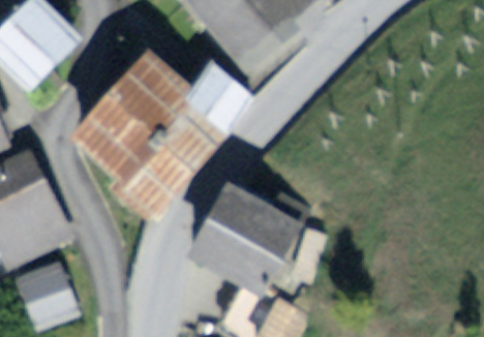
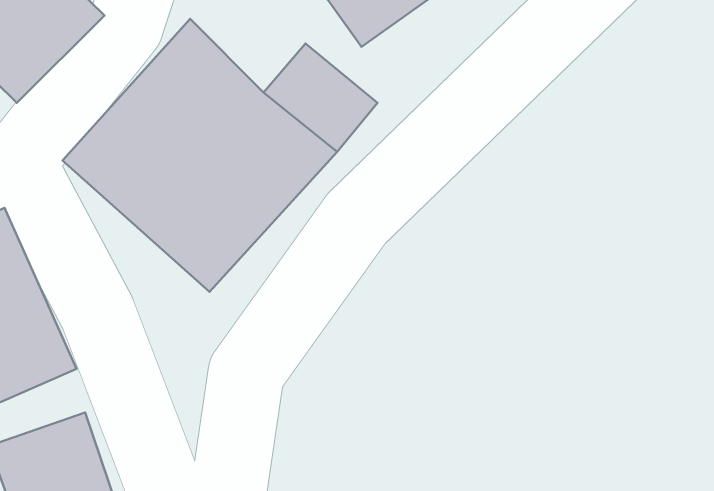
building: [188,179,307,301] -> none

